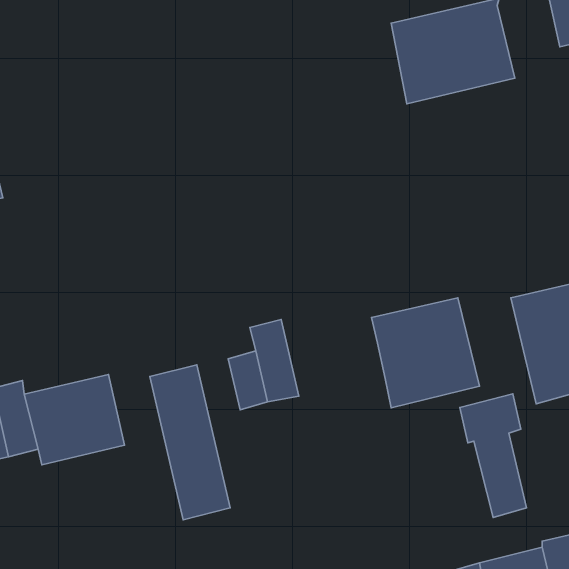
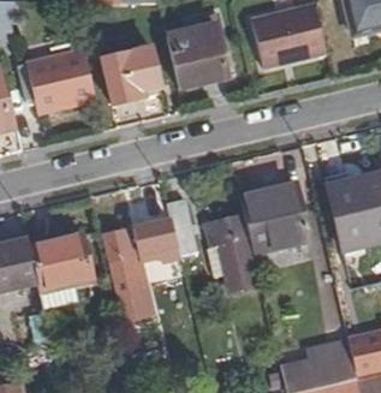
building: none -> [166,26,227,90]
building: none -> [102,48,159,105]
building: none -> [24,49,94,114]
building: [460,394,527,518] -> [213,215,254,291]

